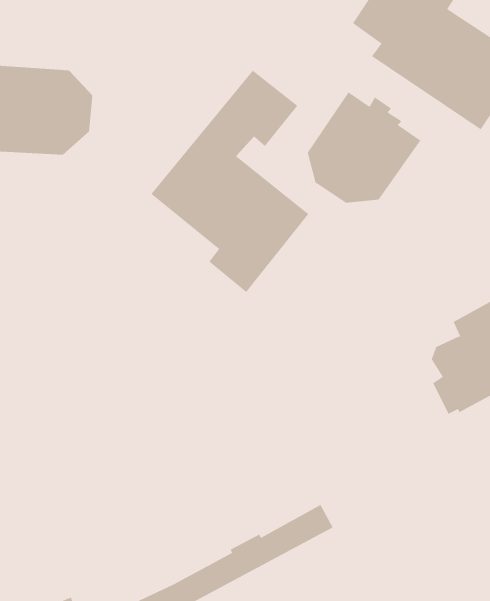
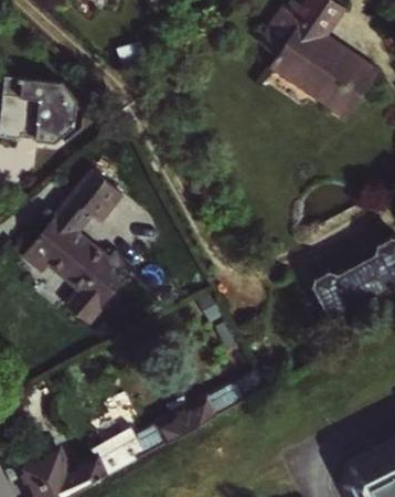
building: [151,70,309,293] -> [24,170,136,327]
building: [307,91,421,203] -> none

